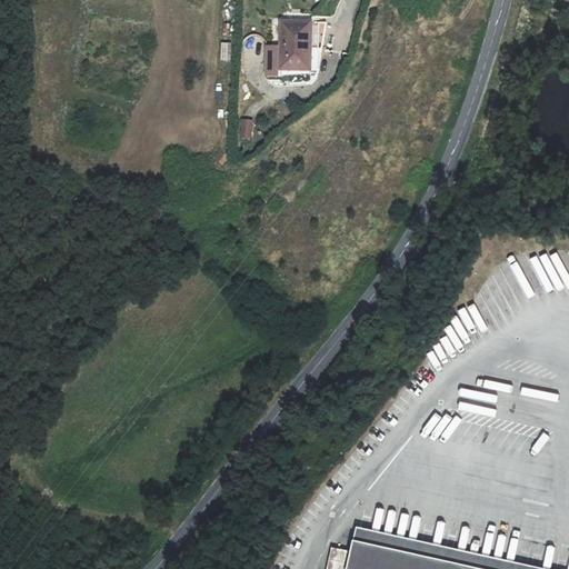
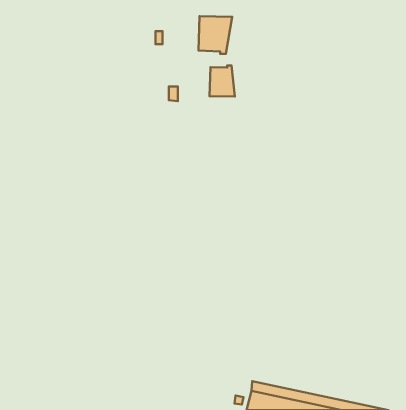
building: none -> [210,65,235,97]

